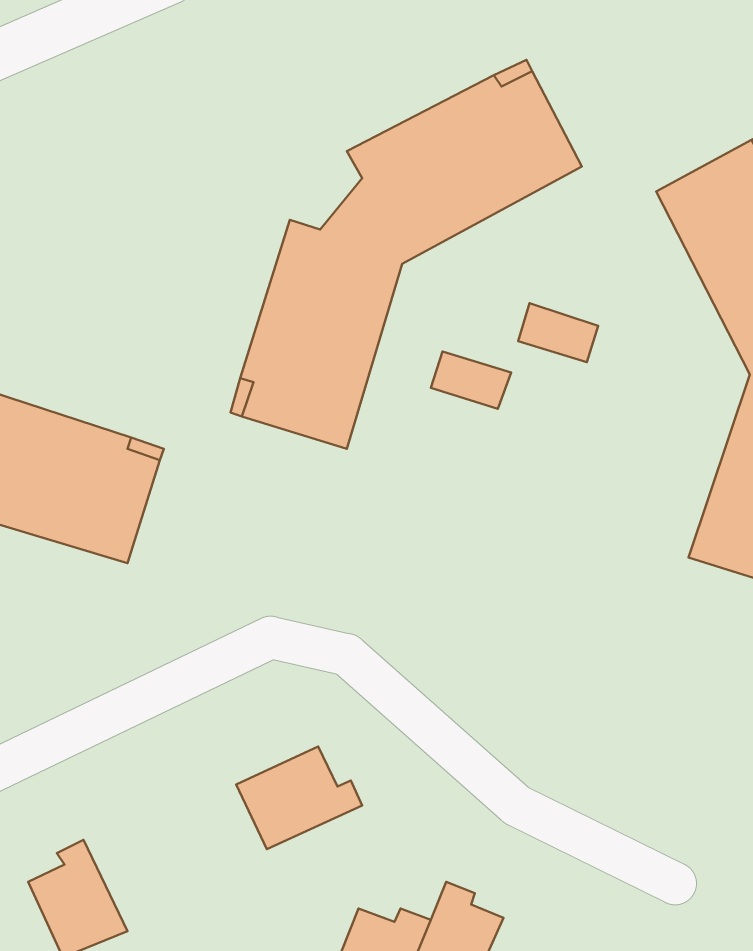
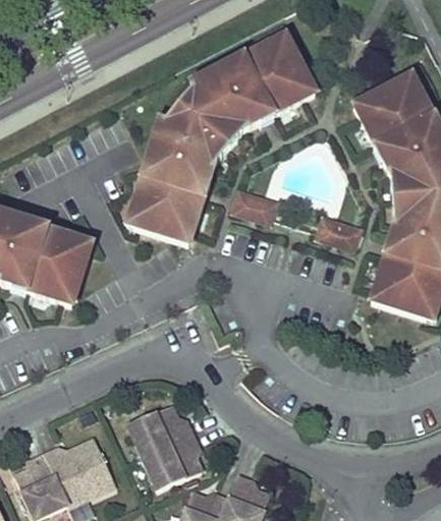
building: [518,303,598,362] -> [317,216,360,247]
building: none -> [146,432,203,486]
building: none -> [48,435,119,504]

